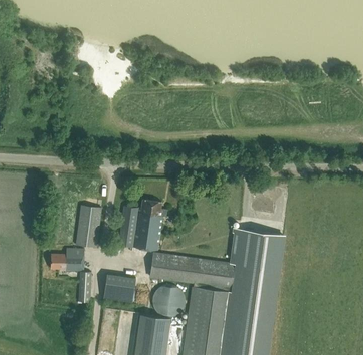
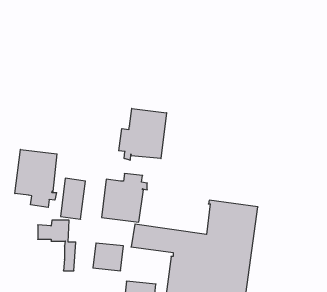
building: none -> [119,108,167,160]
building: none -> [15,149,57,207]
building: [157,286,185,313] -> none

